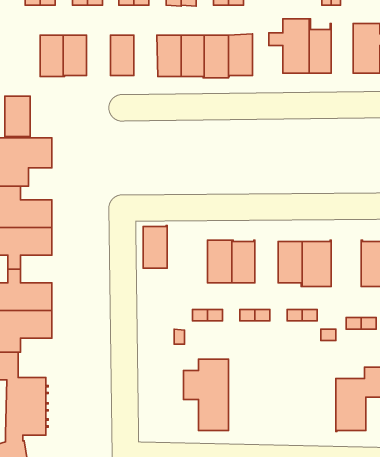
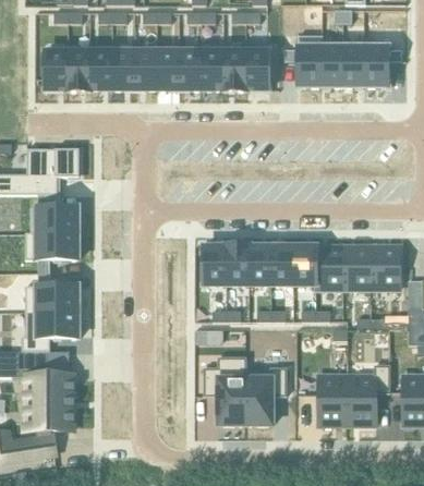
building: none -> [343,39,364,86]
building: none -> [112,50,135,88]
building: none -> [157,50,180,89]
building: [5,96,30,138] -> [45,50,69,89]
building: [143,225,167,268] -> [204,244,227,284]
building: none -> [271,244,293,284]
building: none -> [343,244,372,288]
building: none -> [319,361,348,425]
building: none -> [246,366,287,424]

